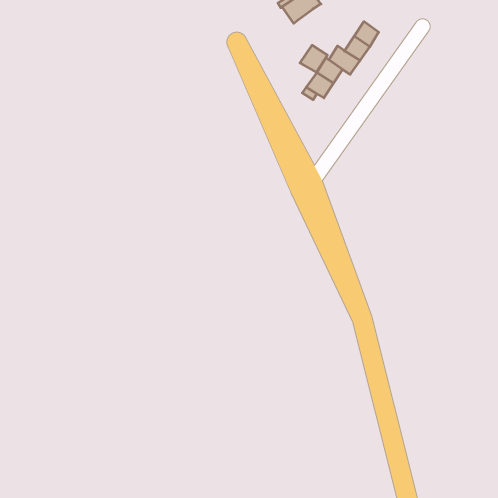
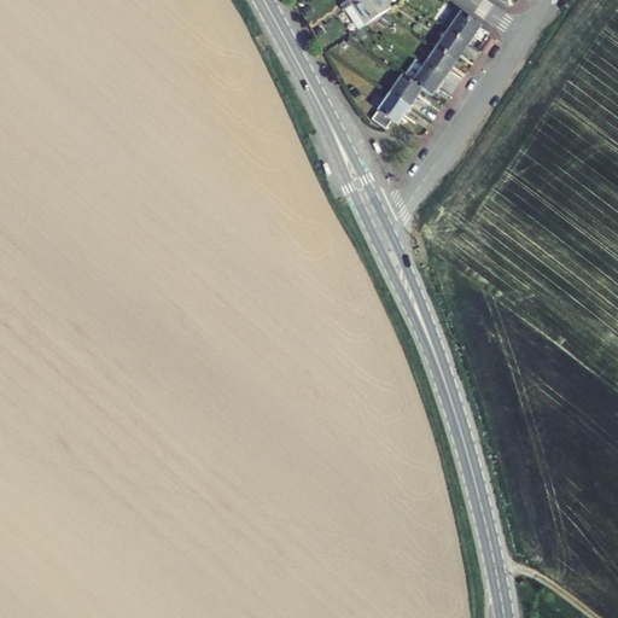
building: none -> [443,5,480,40]
building: [300,45,327,72] -> none

